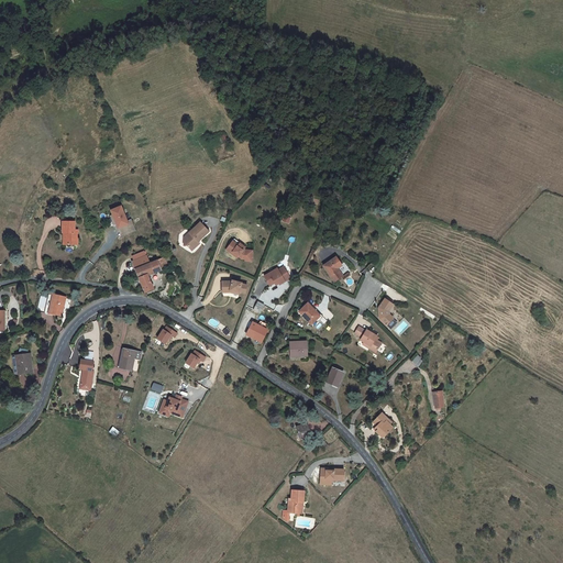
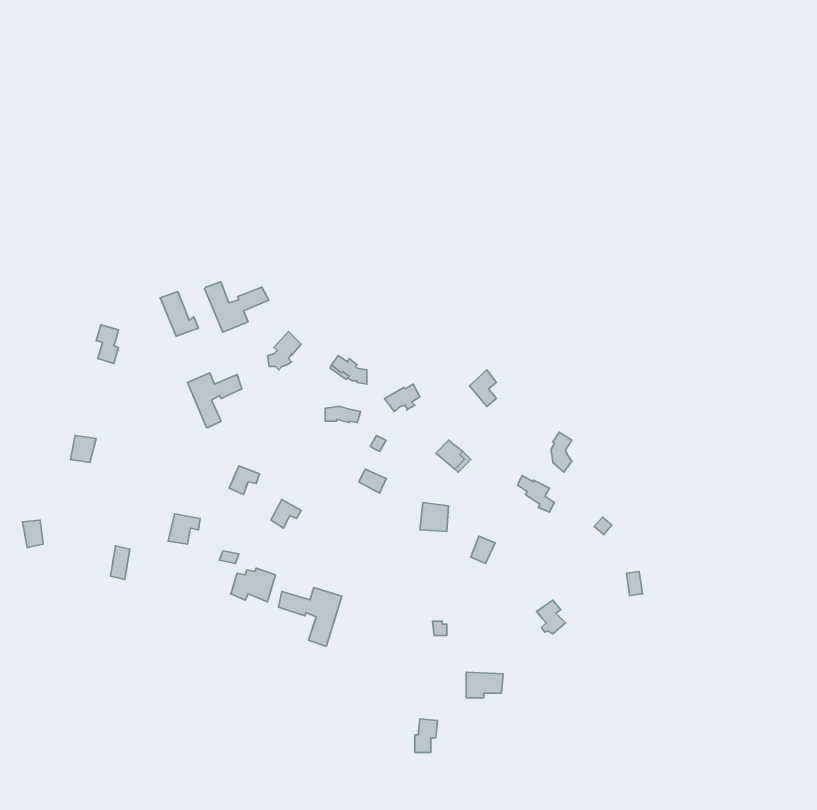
building: none -> [204,282,269,332]
building: none -> [279,588,342,646]

